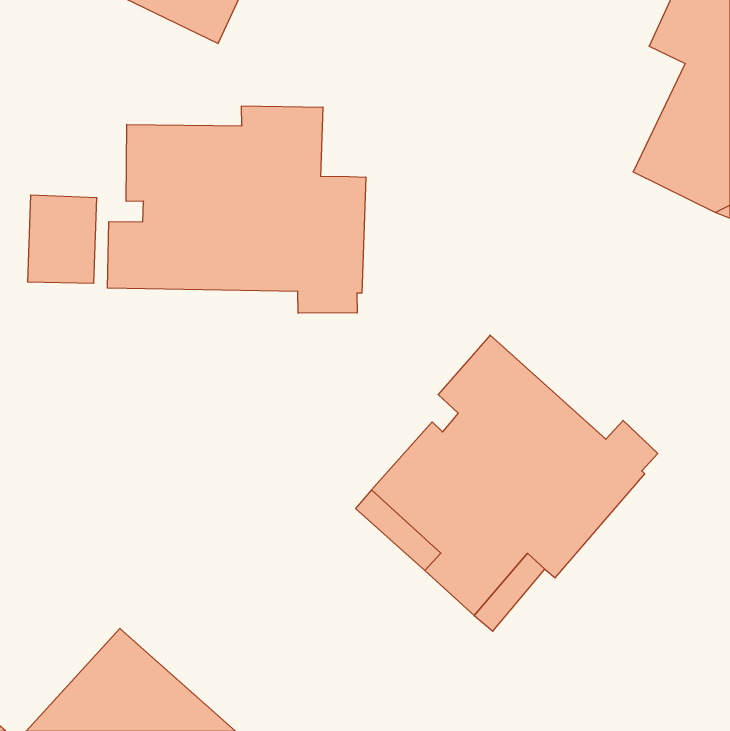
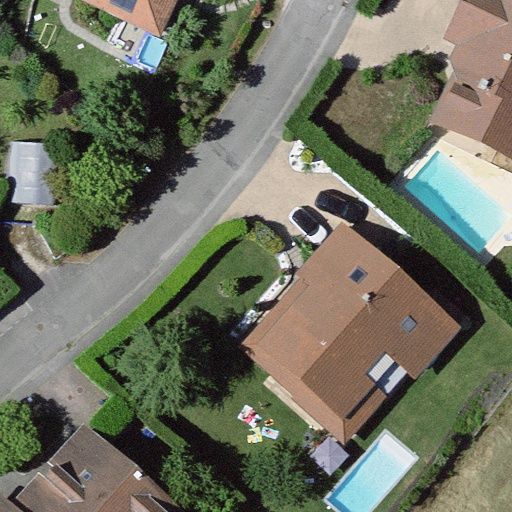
building: [108,106,366,313] -> none

